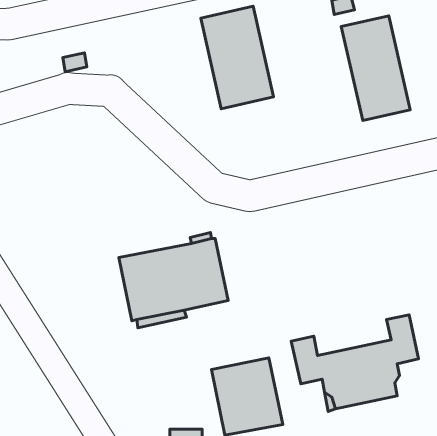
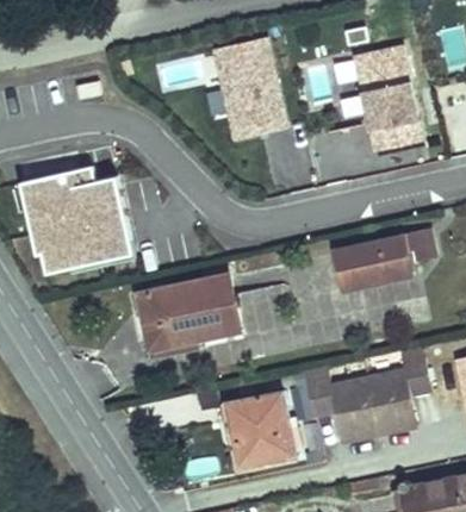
building: none -> [27,167,130,274]
building: none -> [331,227,437,292]

